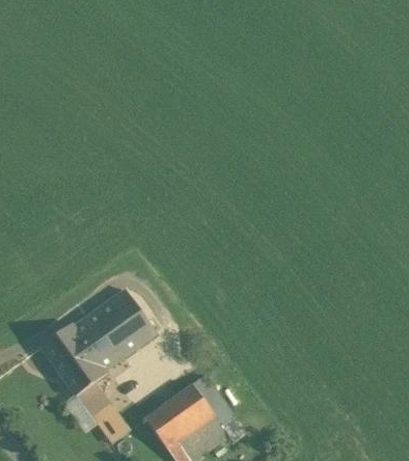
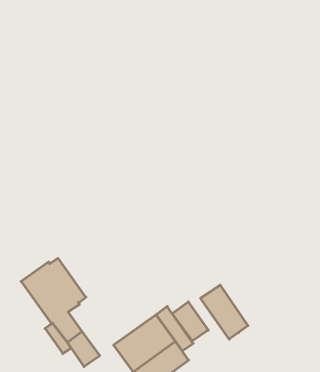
building: [83,290,157,363] -> none
building: none -> [201,285,248,339]
building: none -> [172,302,208,341]

